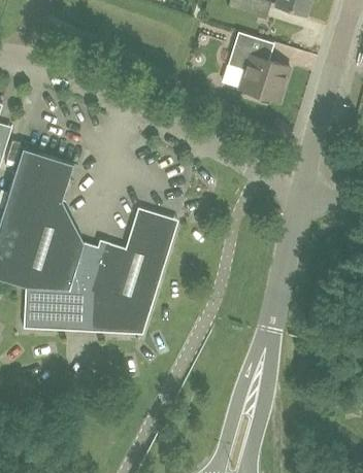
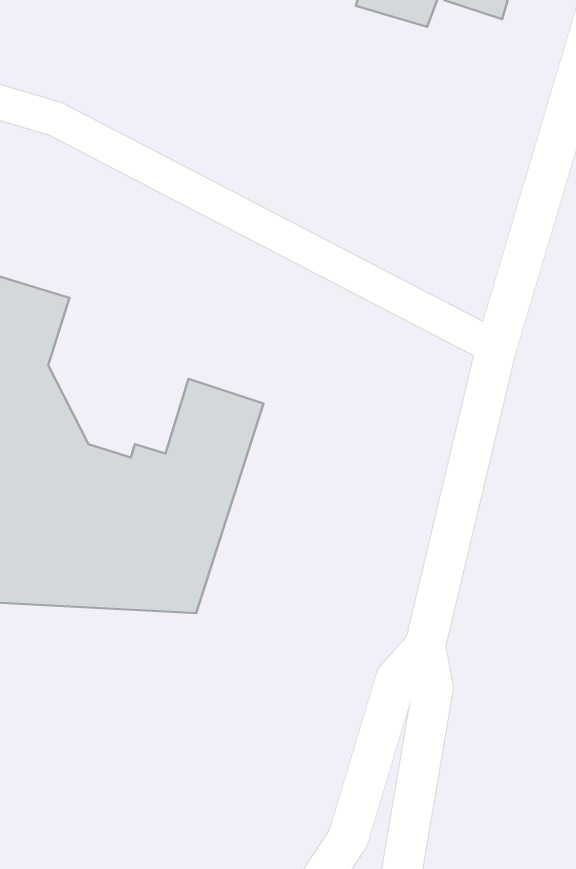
building: [227,33,289,103] -> none

